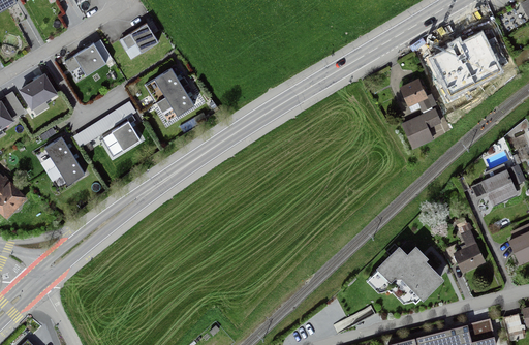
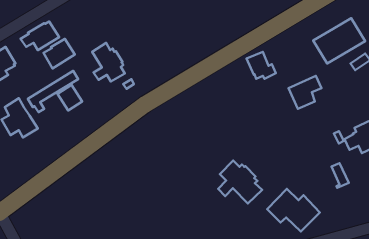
building: [119,23,158,60] -> [43,39,75,69]
building: [398,79,435,113] -> [246,52,276,79]
building: none -> [218,160,262,203]
building: [452,243,485,273] -> none

